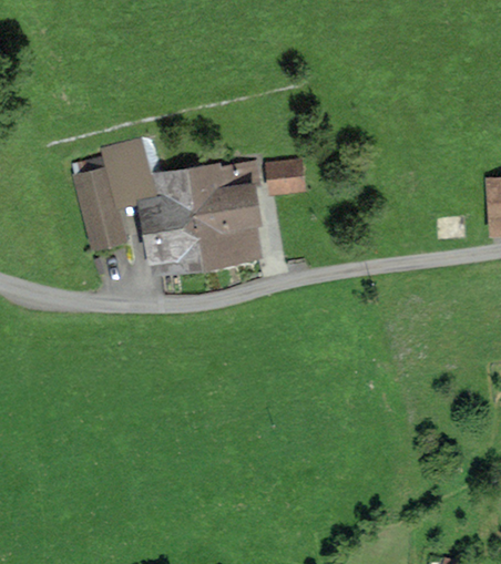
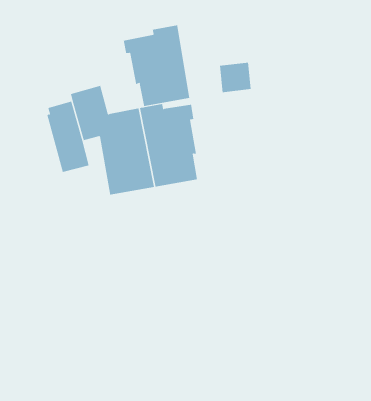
building: none -> [123,25,190,107]
building: [265,157,306,196] -> [219,62,251,93]

